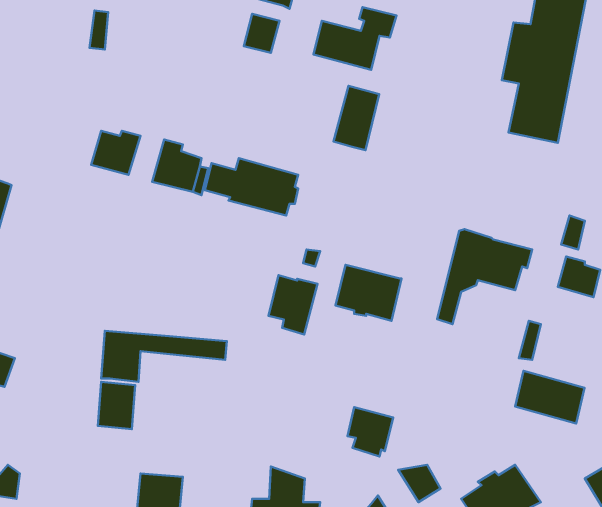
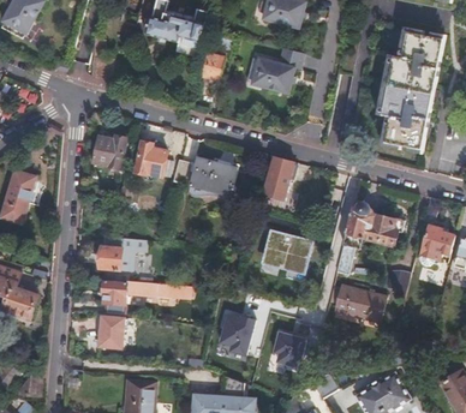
building: [333,86,379,150] -> [261,155,293,200]
building: none -> [96,235,141,269]
building: [268,275,318,335] -> [219,312,253,354]
building: [515,371,585,423] -> [335,286,384,323]

